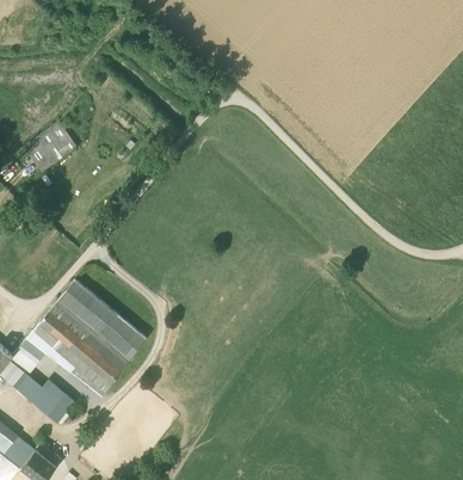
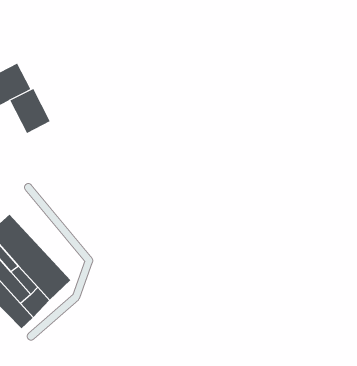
building: none -> [10,88,51,134]

